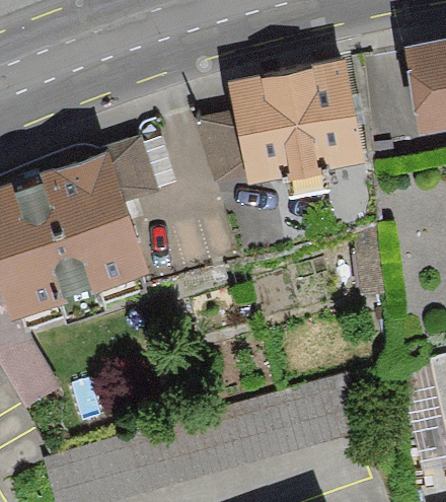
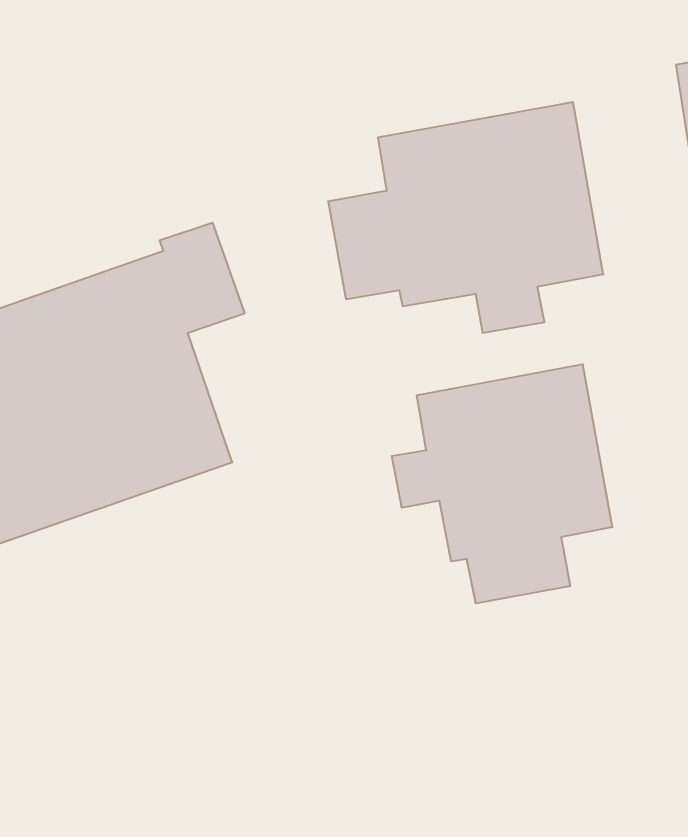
building: none -> [392,364,612,603]

